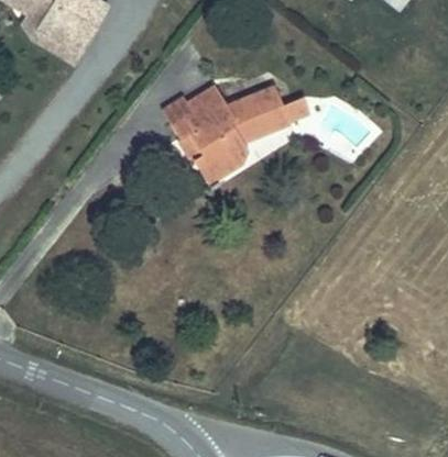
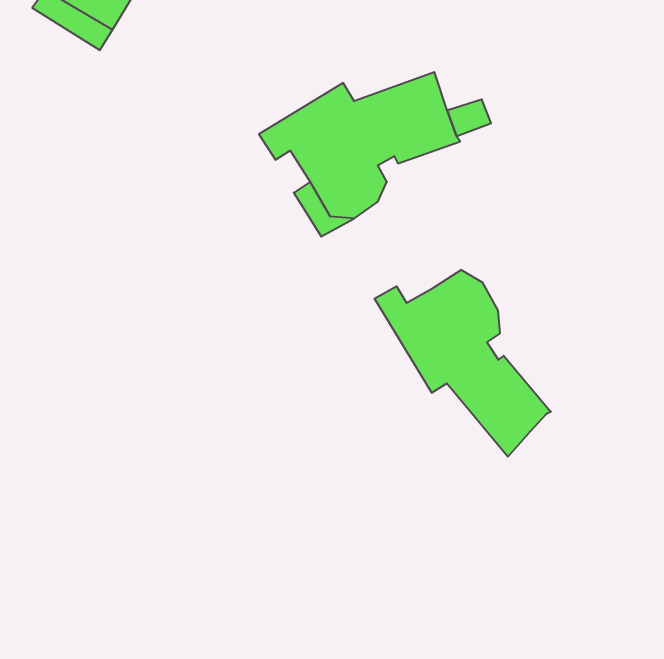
building: none -> [375,270,551,457]

